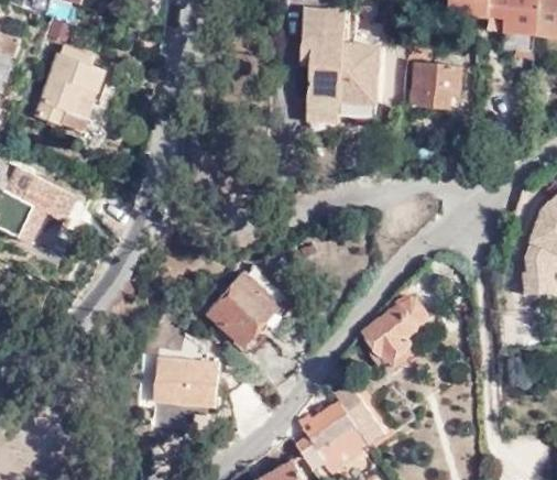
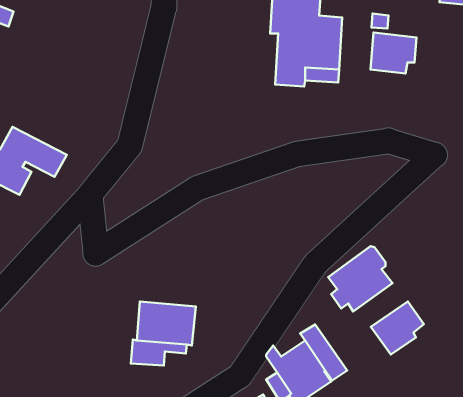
building: [35,44,103,130] -> none
building: [208,273,295,345] -> none
building: none -> [371,302,424,355]

